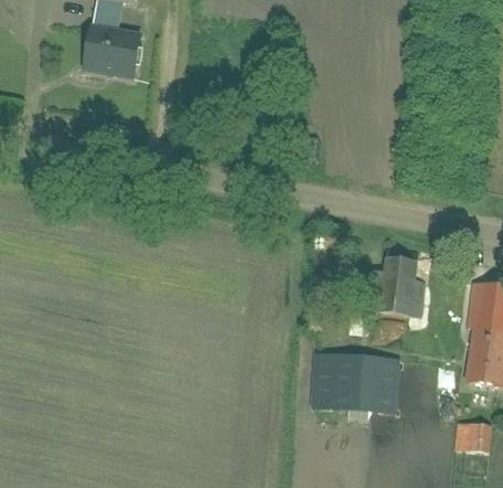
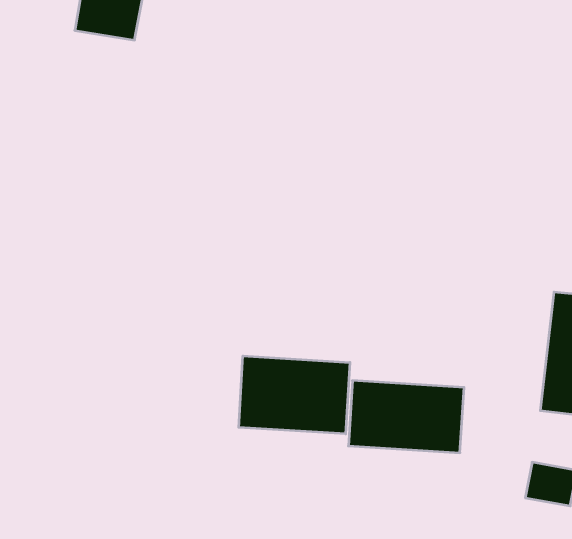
building: [382,258,422,315] -> none
building: none -> [239,356,350,434]

